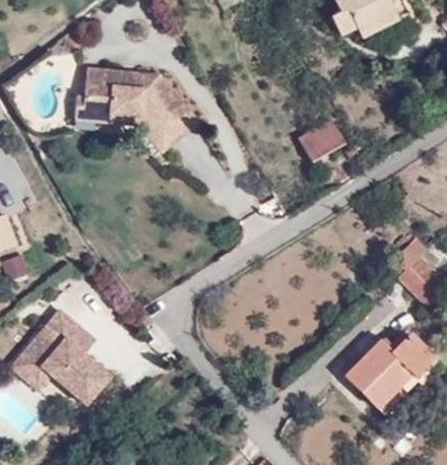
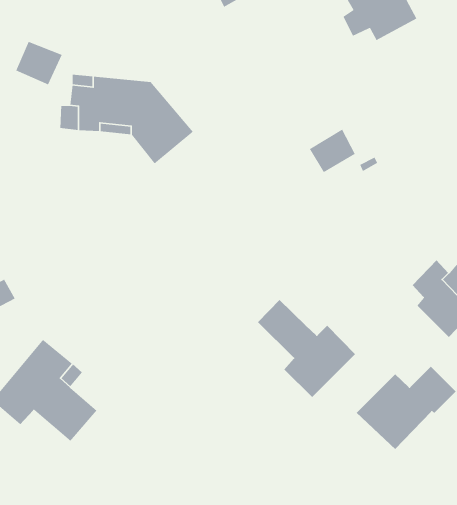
building: none -> [15,41,63,86]
building: none -> [257,299,356,398]

